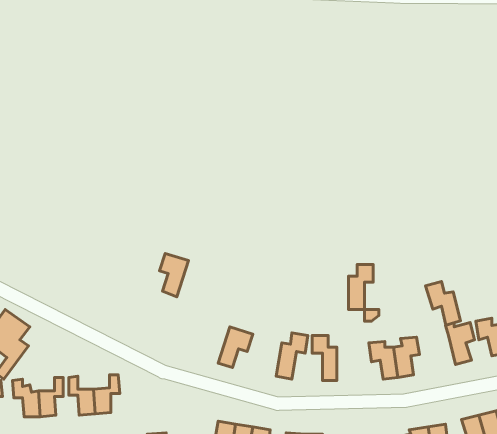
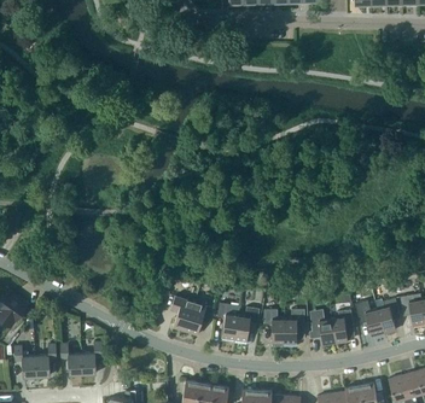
building: [160,253,188,297] -> [170,296,194,332]
building: [348,265,373,310] -> [284,309,304,346]
building: [426,282,460,325] -> [354,300,383,337]
building: none -> [217,303,239,343]

